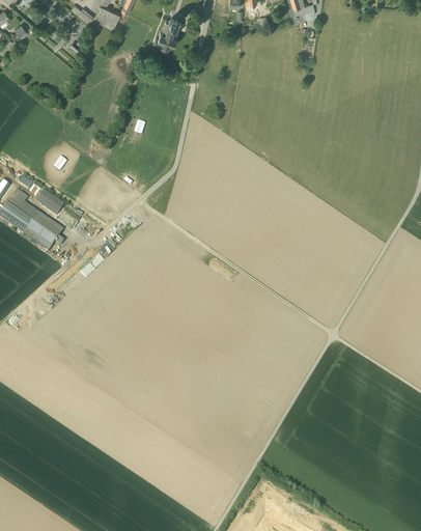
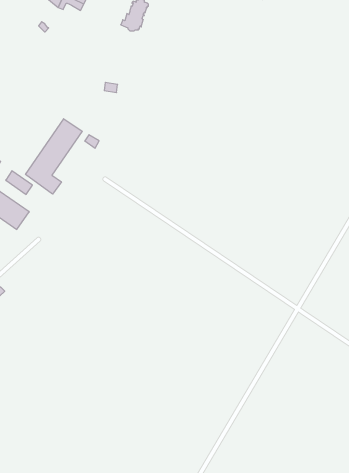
building: none -> [26,119,82,194]

